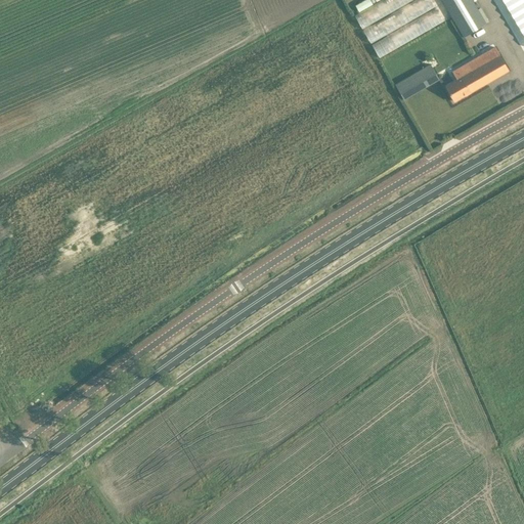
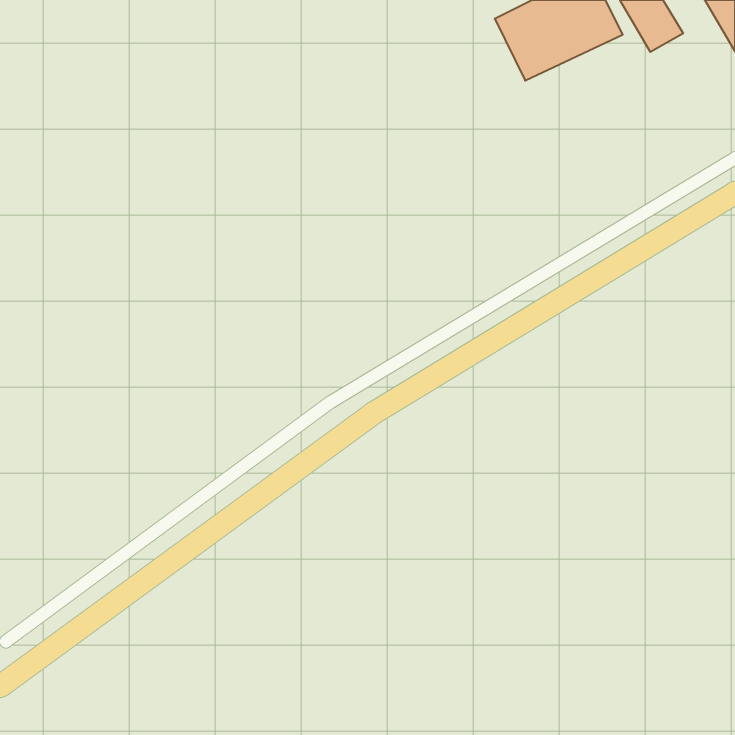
building: [445,47,509,101] -> none
building: [395,63,439,99] -> none

